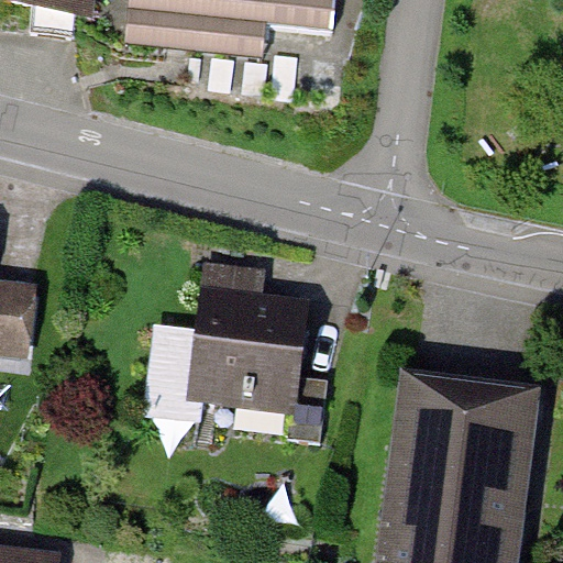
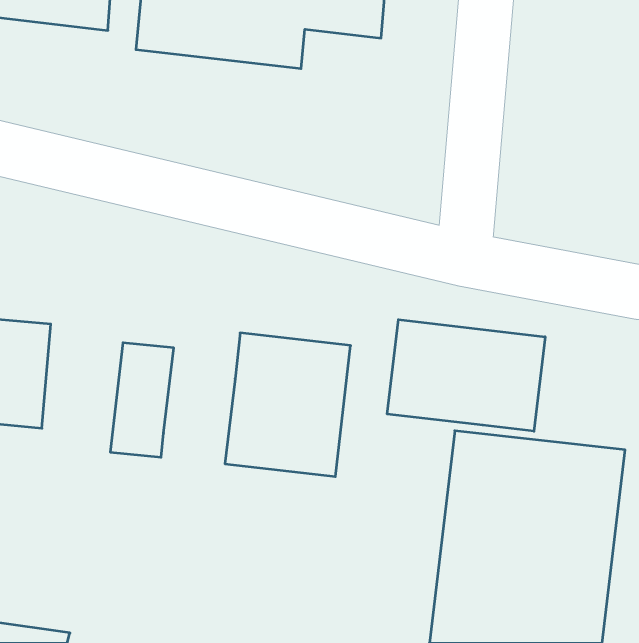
building: none -> [387,320,545,431]
building: [148,323,203,422] -> [110,343,174,457]

